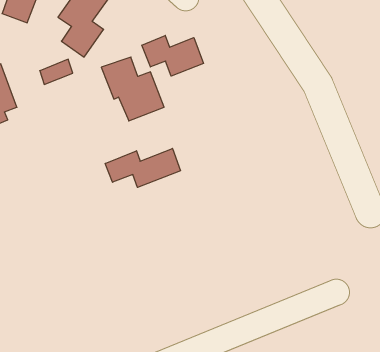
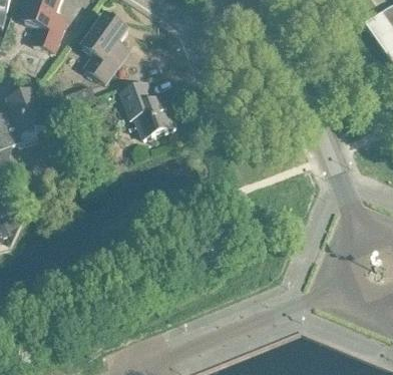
building: [142,35,203,76] -> none
building: [105,148,181,187] -> none

